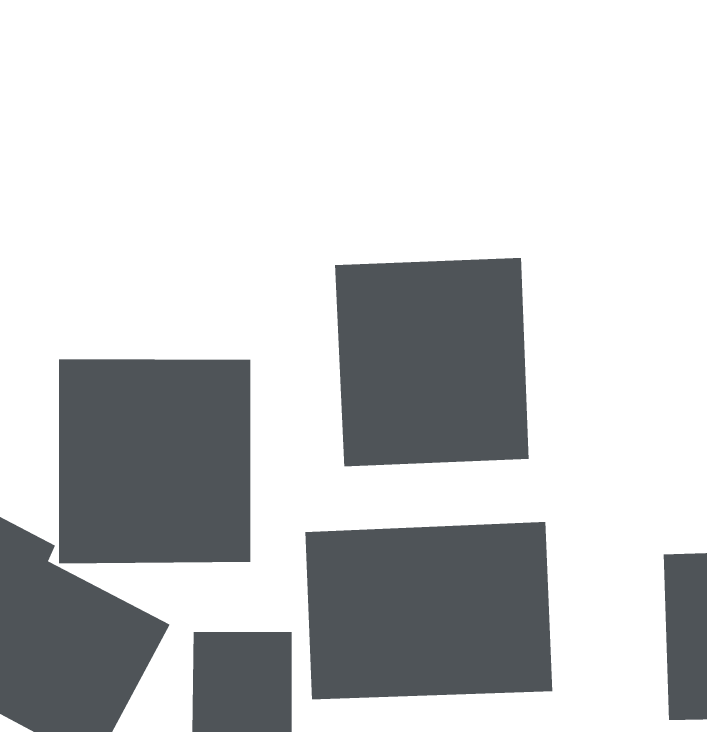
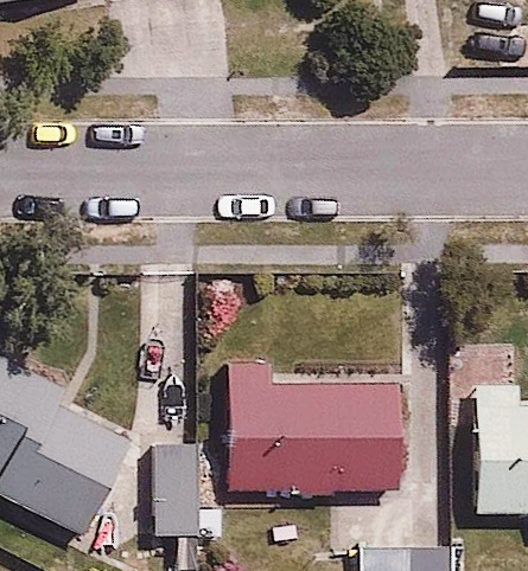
building: [334,257,529,467] -> none
building: [58,358,251,564] -> none

